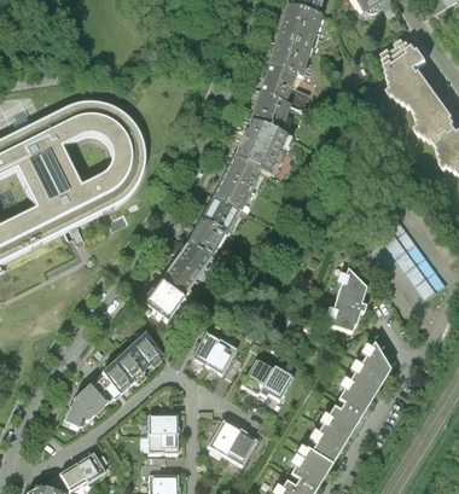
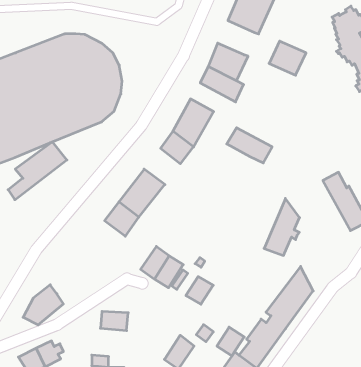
building: [254,69,295,106] -> [269,41,306,75]
building: [228,143,280,180] -> [227,128,272,163]
building: [182,221,223,262] -> none
building: [95,338,159,408] -> [8,142,67,200]
building: [261,372,291,405] -> [217,327,244,356]
building: [207,423,240,461] -> none
building: [149,432,179,453] -> none

